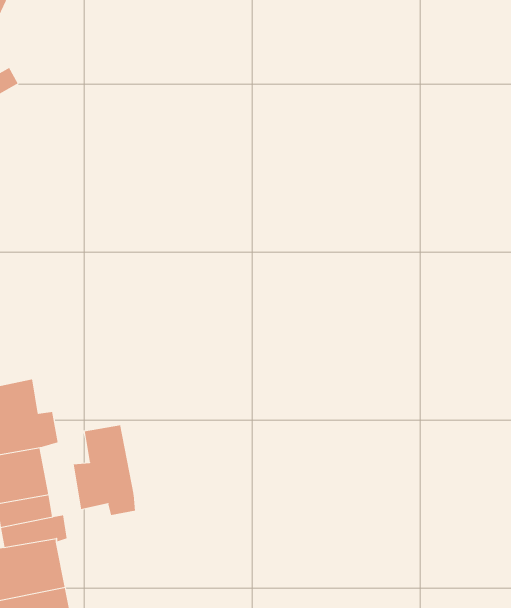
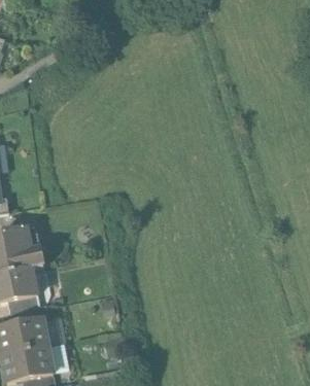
building: [73,425,136,516] -> none

